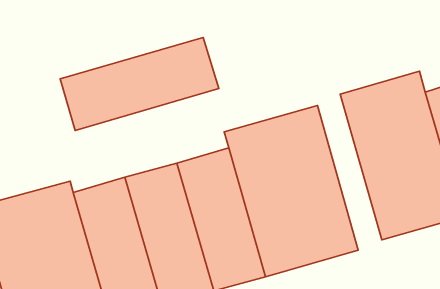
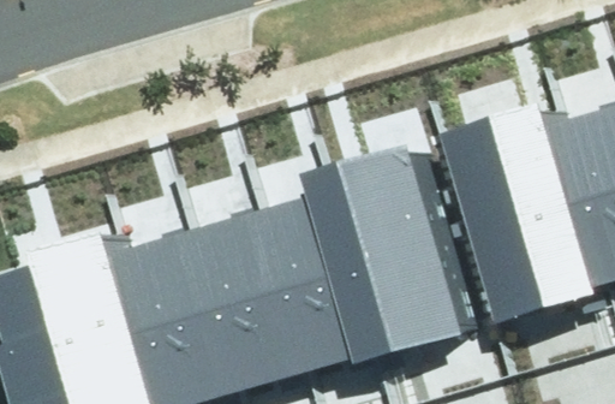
building: [60,38,219,131] -> none

